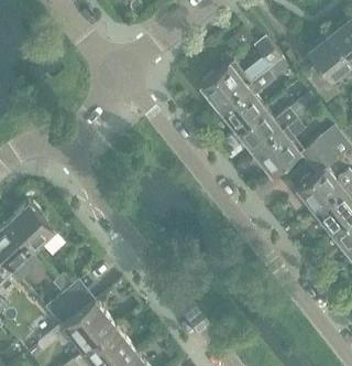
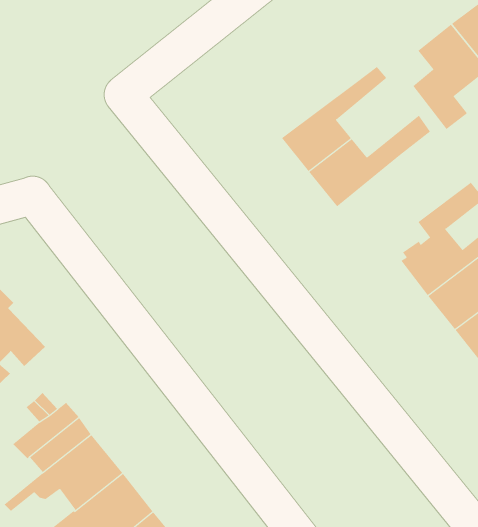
building: [200,39,283,109] -> none
building: [254,120,342,176] -> none

